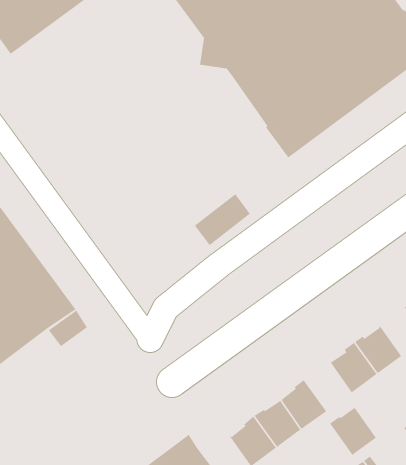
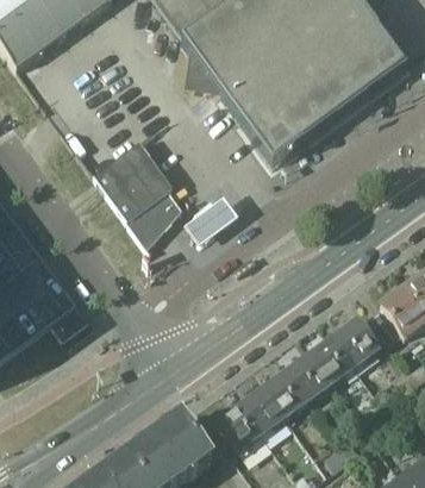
building: none -> [94,140,181,242]
building: [329,407,377,456] -> [287,350,331,395]

